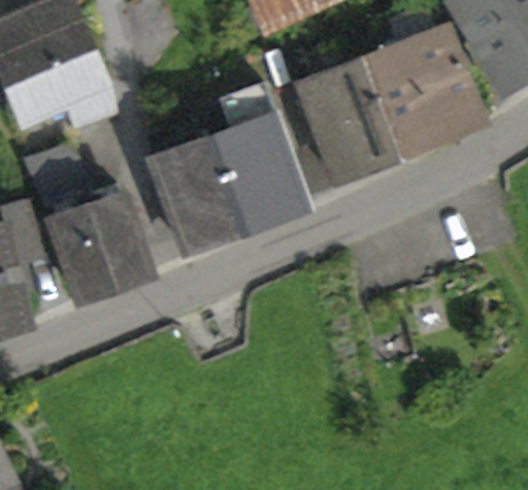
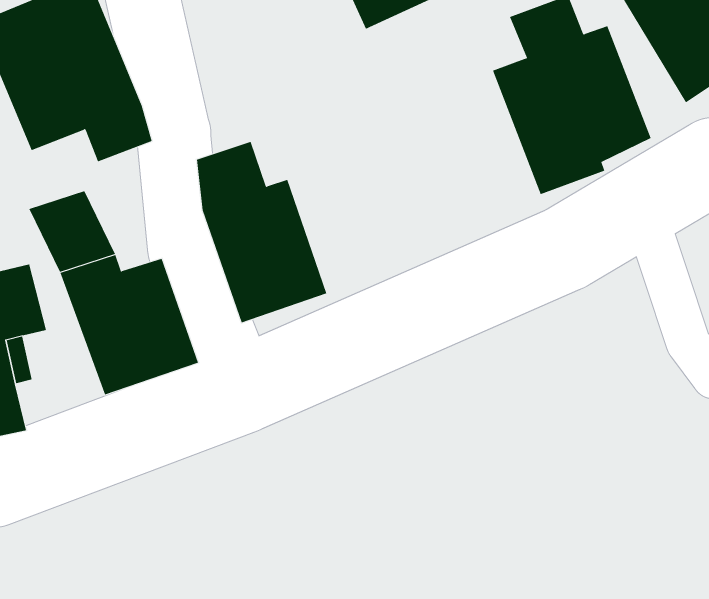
building: [298,55,400,185] -> none
building: [216,95,307,231] -> none

